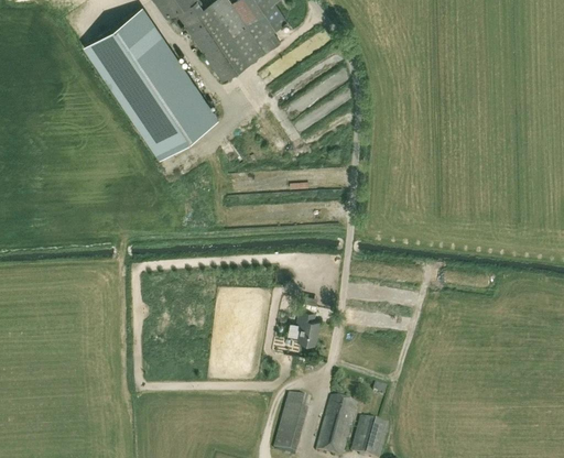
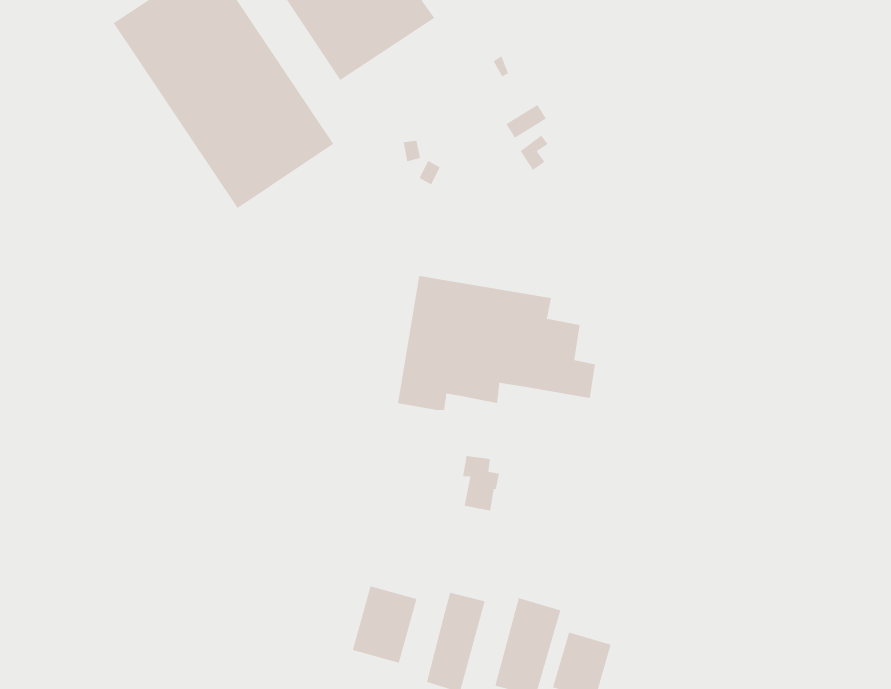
building: none -> [375,275,596,411]
building: none -> [352,586,417,663]

